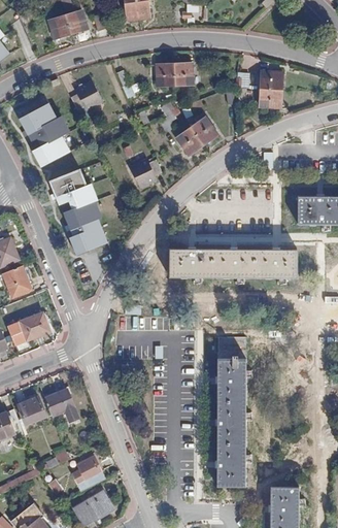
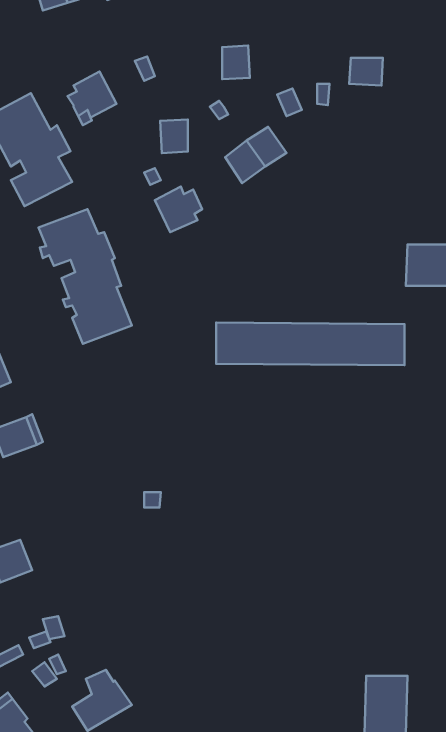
building: [156,63,174,86] -> [160,119,188,153]
building: [260,88,281,107] -> none
building: [214,336,245,486] -> none
building: [44,389,78,421] -> none
building: [71,456,101,484] -> none

